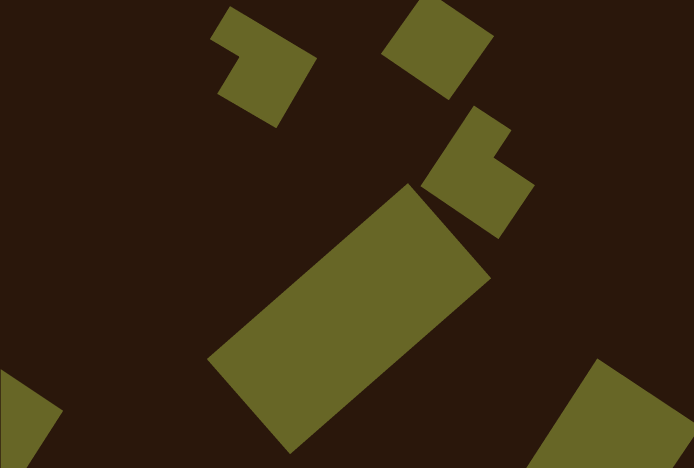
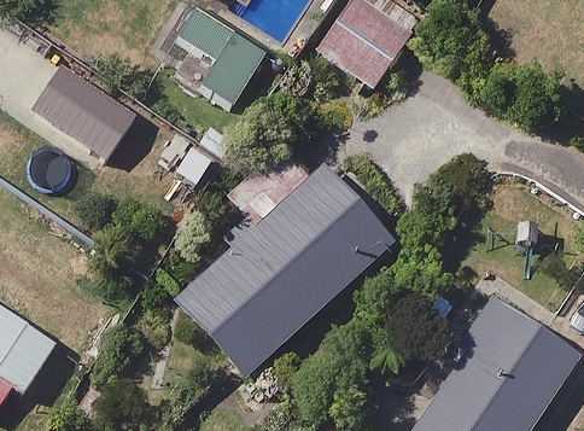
building: none -> [34,63,138,162]
building: [420,104,536,240] -> none

